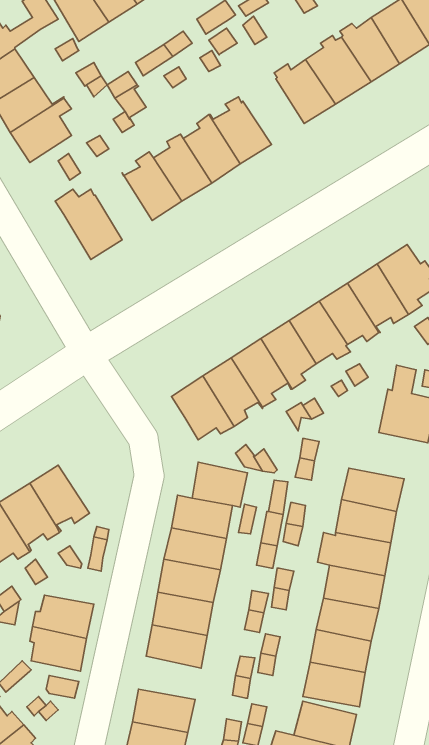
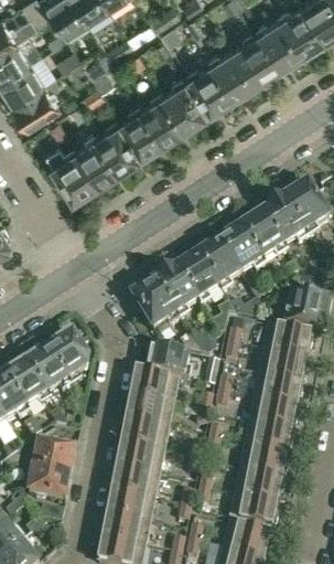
building: none -> [184,62,229,108]
building: none -> [75,130,117,181]
building: none -> [262,324,308,358]
building: none -> [47,333,87,383]
building: none -> [107,489,153,521]

